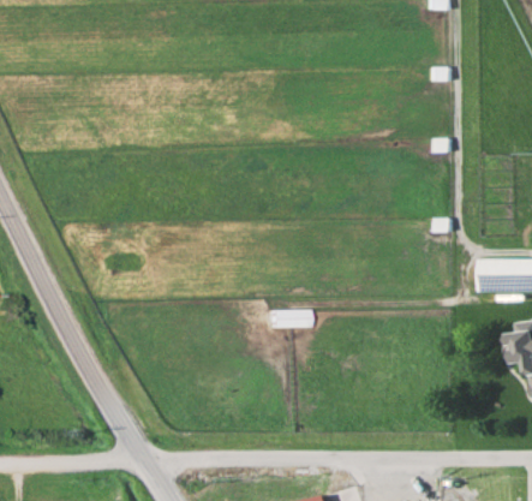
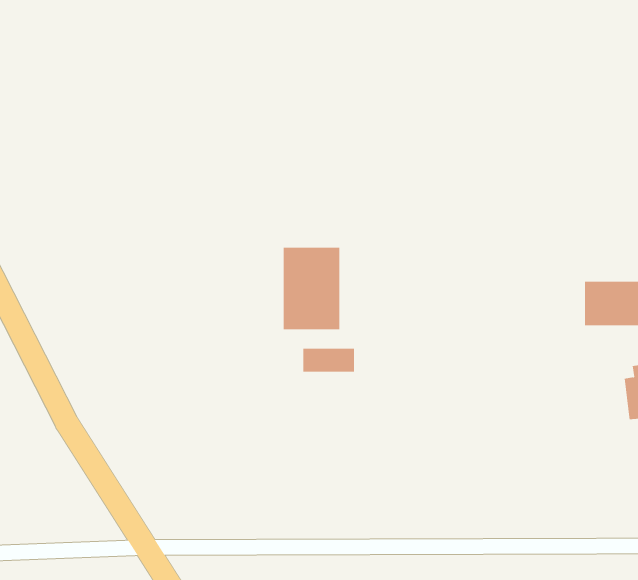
building: none -> [283,247,340,330]

